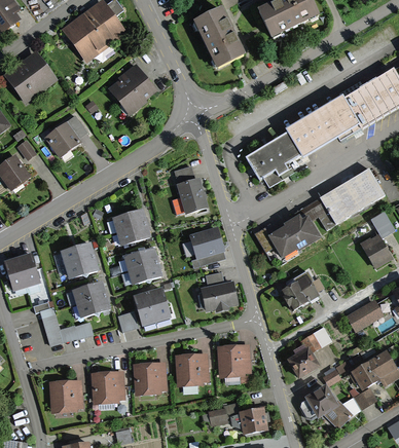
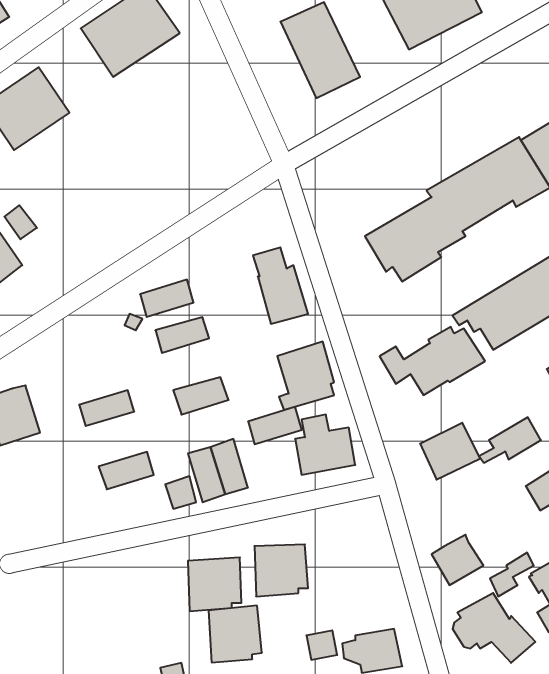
building: [106,62,156,112] -> none
building: [45,115,86,156] -> none
building: [116,223,150,247] -> [140,280,194,317]
building: [60,241,95,265] -> none
building: [129,262,162,286] -> [248,407,302,444]
building: [72,281,107,304] -> none
building: [34,301,92,344] -> none
building: [292,326,331,354] -> [479,417,541,463]
building: [217,344,251,377] -> none
building: [92,369,125,405] -> [208,606,262,662]
building: [49,379,83,413] -> none

